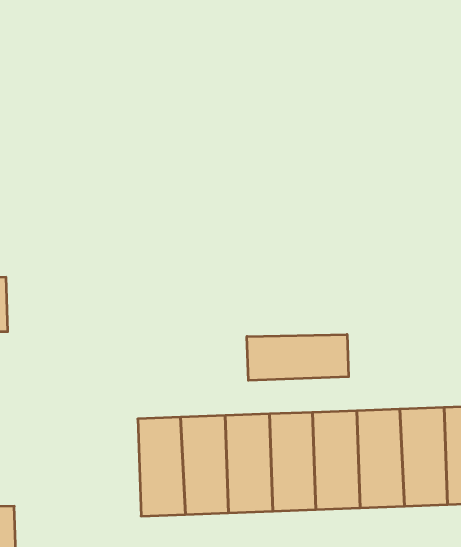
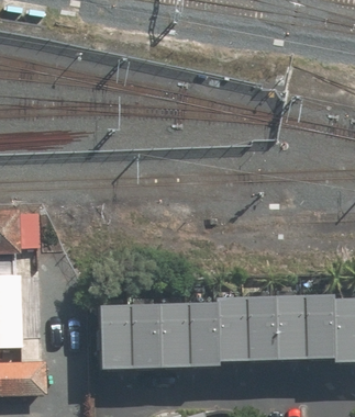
building: [247,334,349,380] -> none
building: none -> [99,304,131,370]

